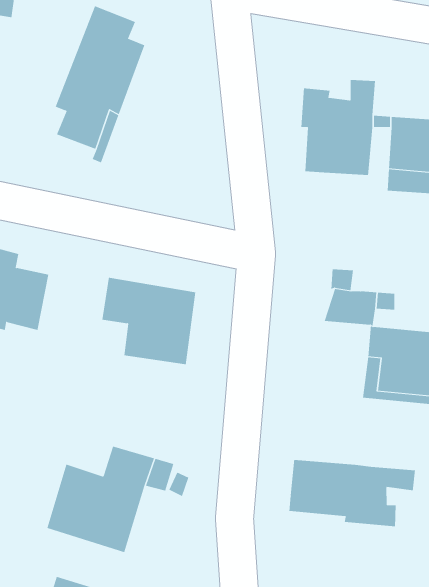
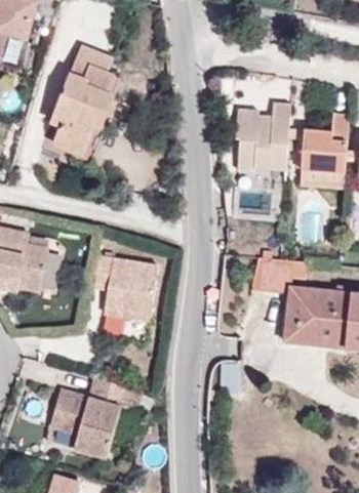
building: [289,459,415,527] -> none

